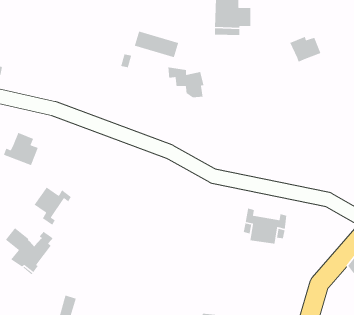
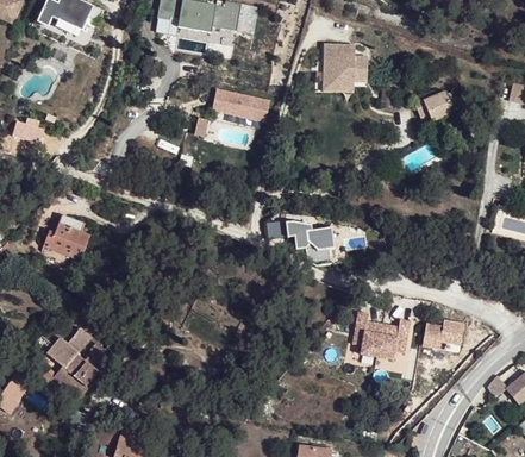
building: [168,67,204,98] -> [285,223,332,263]
building: [33,187,72,226] -> none
building: none -> [421,319,465,352]

